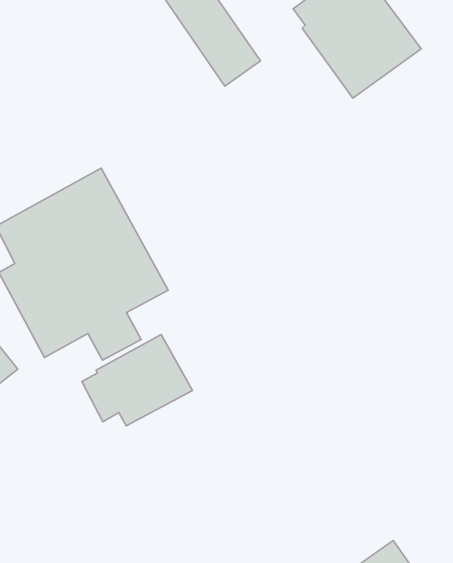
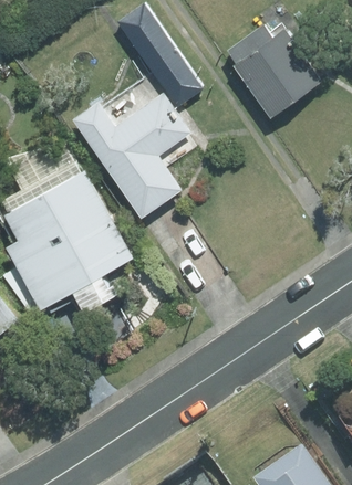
building: none -> [72,93,189,218]
building: [82,334,192,426] -> none

